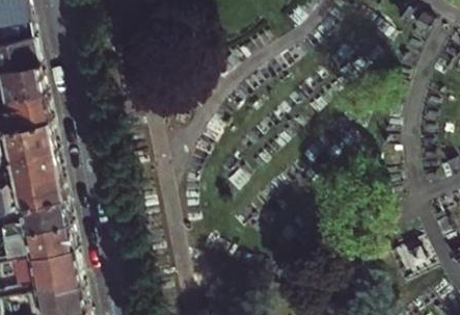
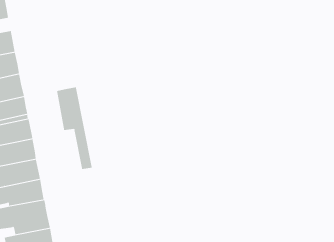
building: none -> [57,87,93,170]

